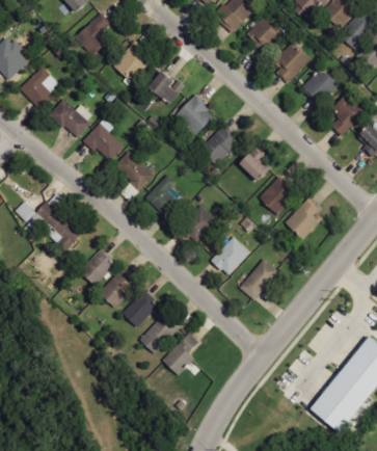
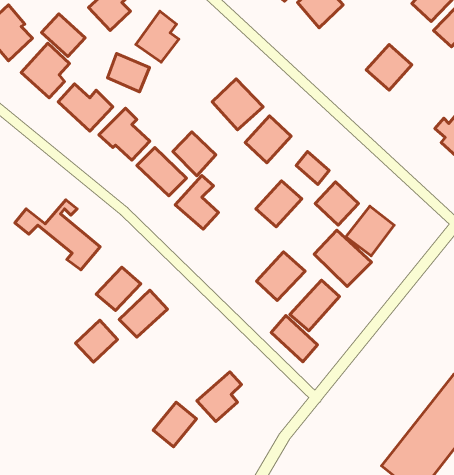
building: [269,41,311,83] -> none
building: none -> [41,14,85,57]
building: [150,70,184,101] -> [108,53,150,92]
building: [330,88,365,136] -> none
building: none -> [173,132,216,176]
building: [180,206,217,243] -> [256,181,302,227]
building: none -> [314,230,372,287]
building: none -> [271,315,318,362]
building: [122,292,156,326] -> [76,320,118,362]
building: [139,317,174,353] -> [153,402,197,447]

